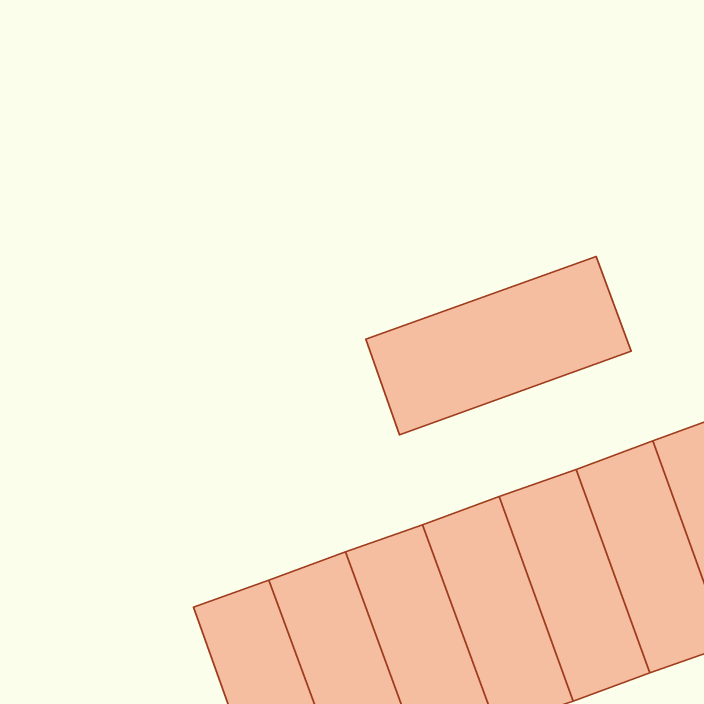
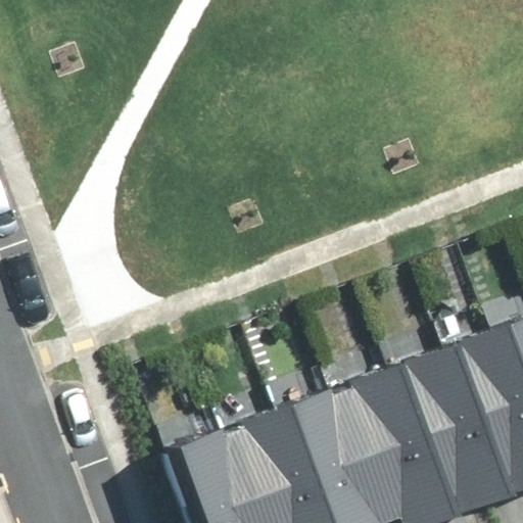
building: [366,257,631,435] -> none

